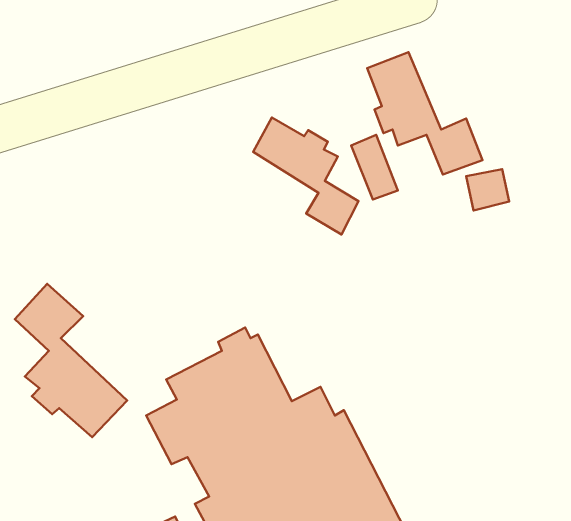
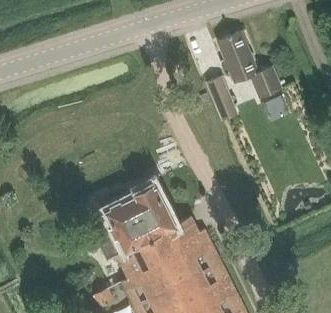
building: [253,117,359,234] -> none
building: [15,284,127,437] -> none

